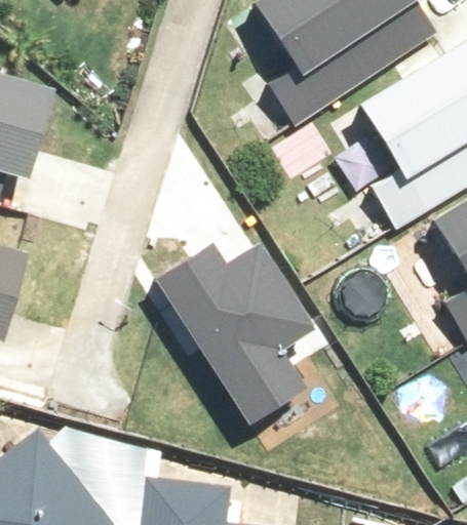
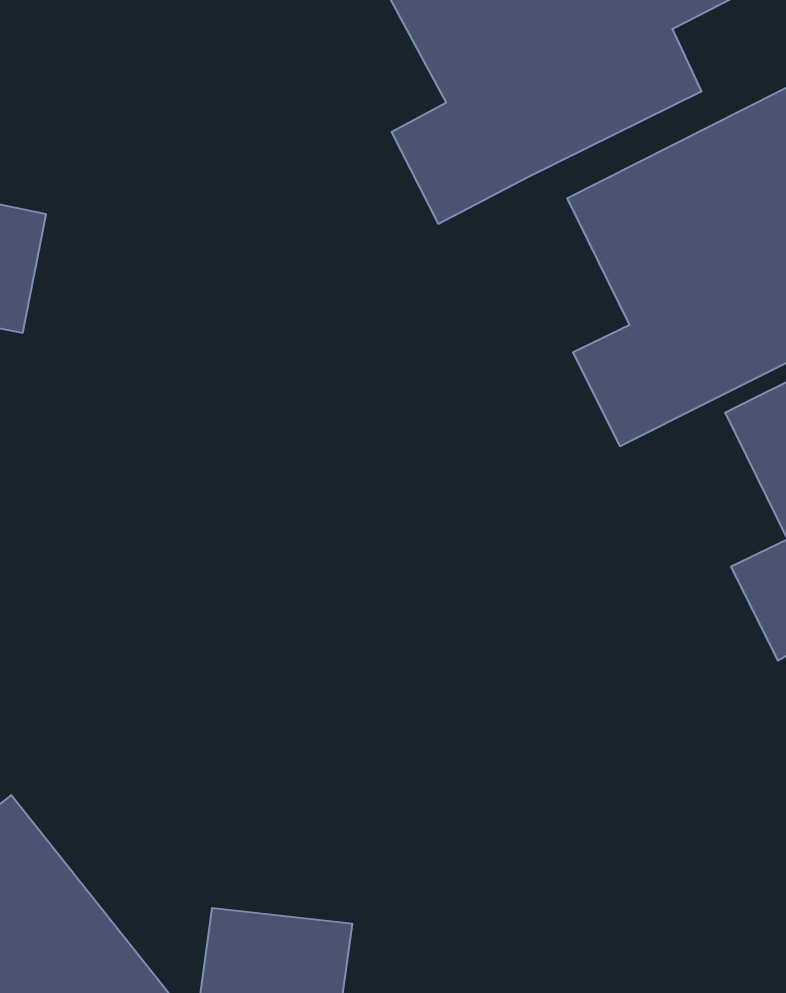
building: [168,234,326,437] -> none

